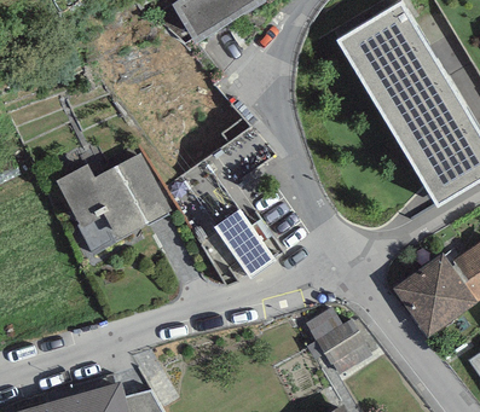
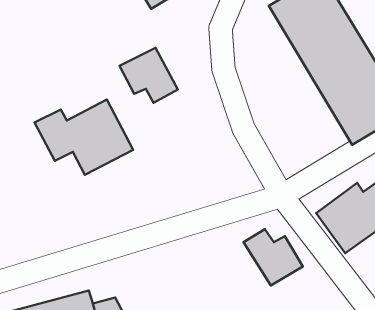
building: none -> [120,48,178,103]
building: [213,209,277,280] -> none

